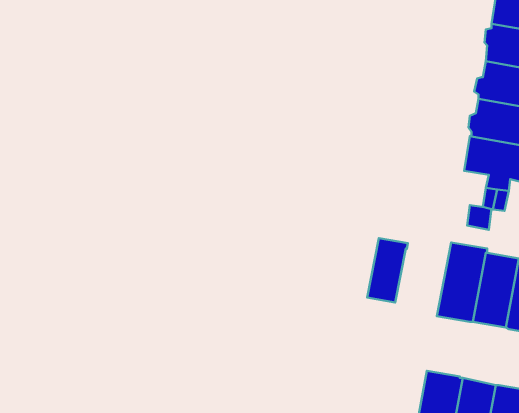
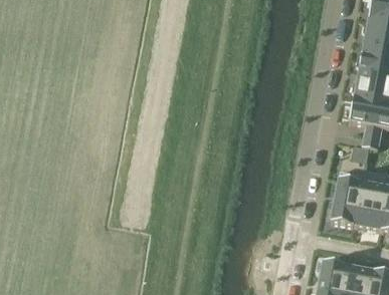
building: [367,238,408,302] -> none

